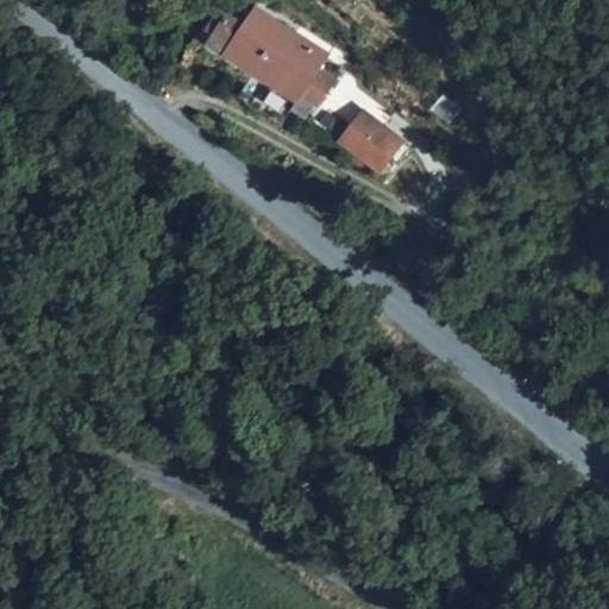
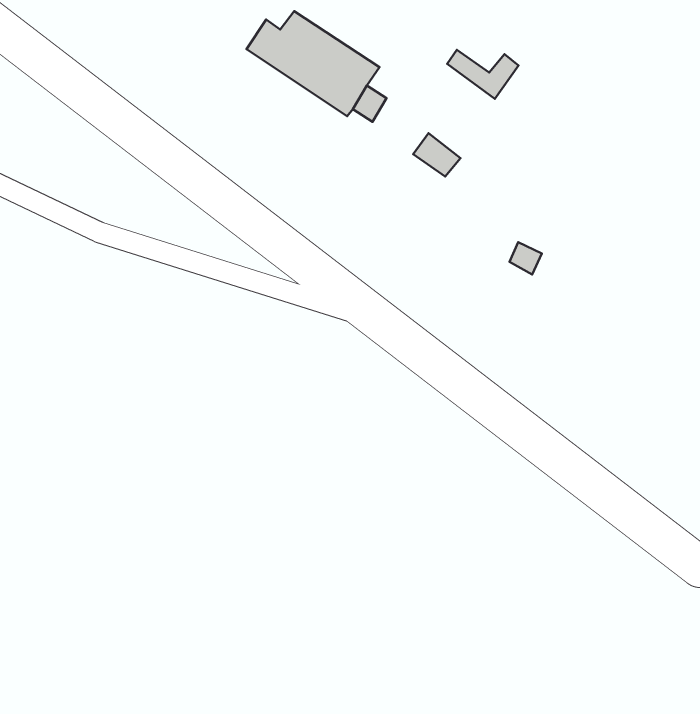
building: [343,131,403,172] -> [447,50,519,99]

